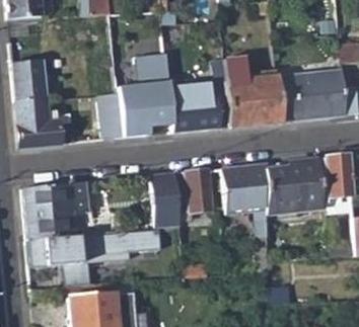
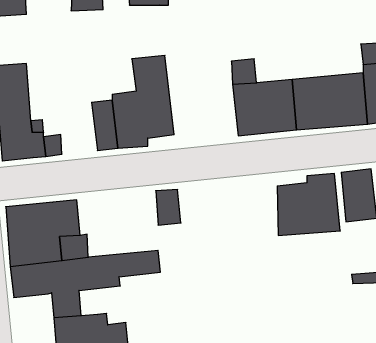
building: [169,77,222,133] -> none
building: [220,164,267,229] -> none
building: [177,170,216,213] -> none

